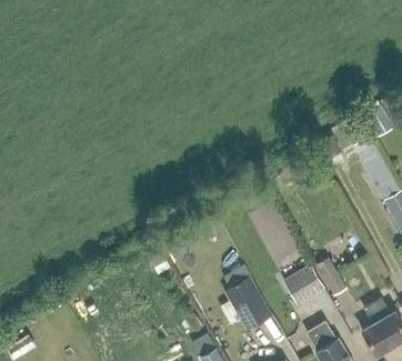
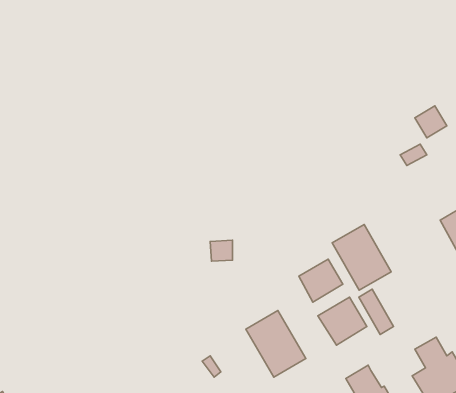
building: none -> [332,225,391,290]
building: none -> [299,259,343,302]

